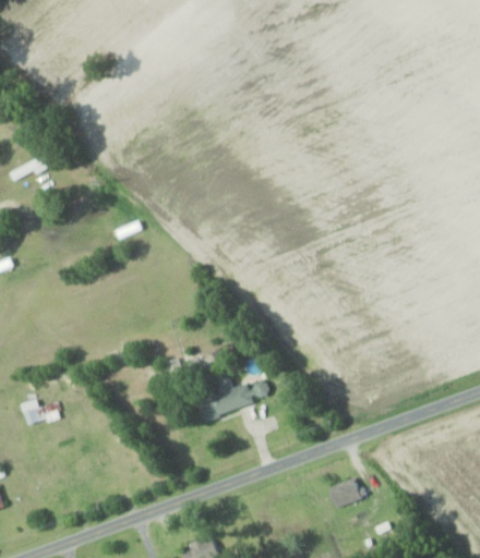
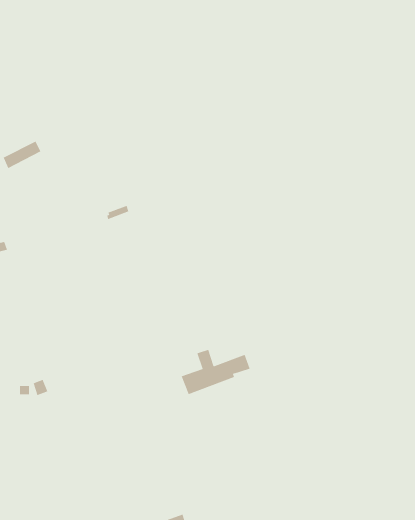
building: [327,477,362,508] -> none

